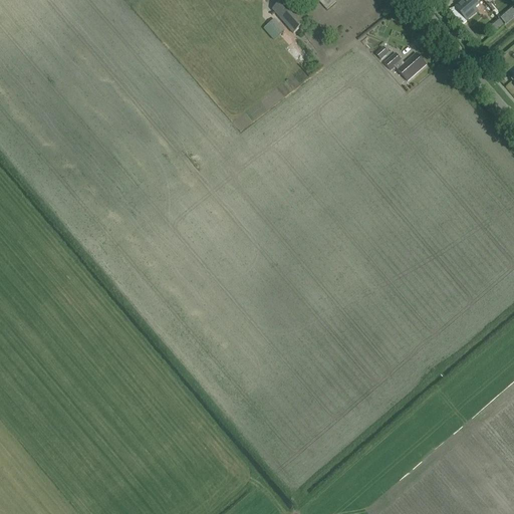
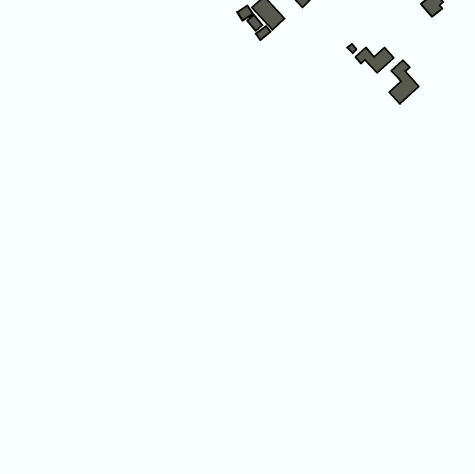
building: none -> [389,60,419,104]

